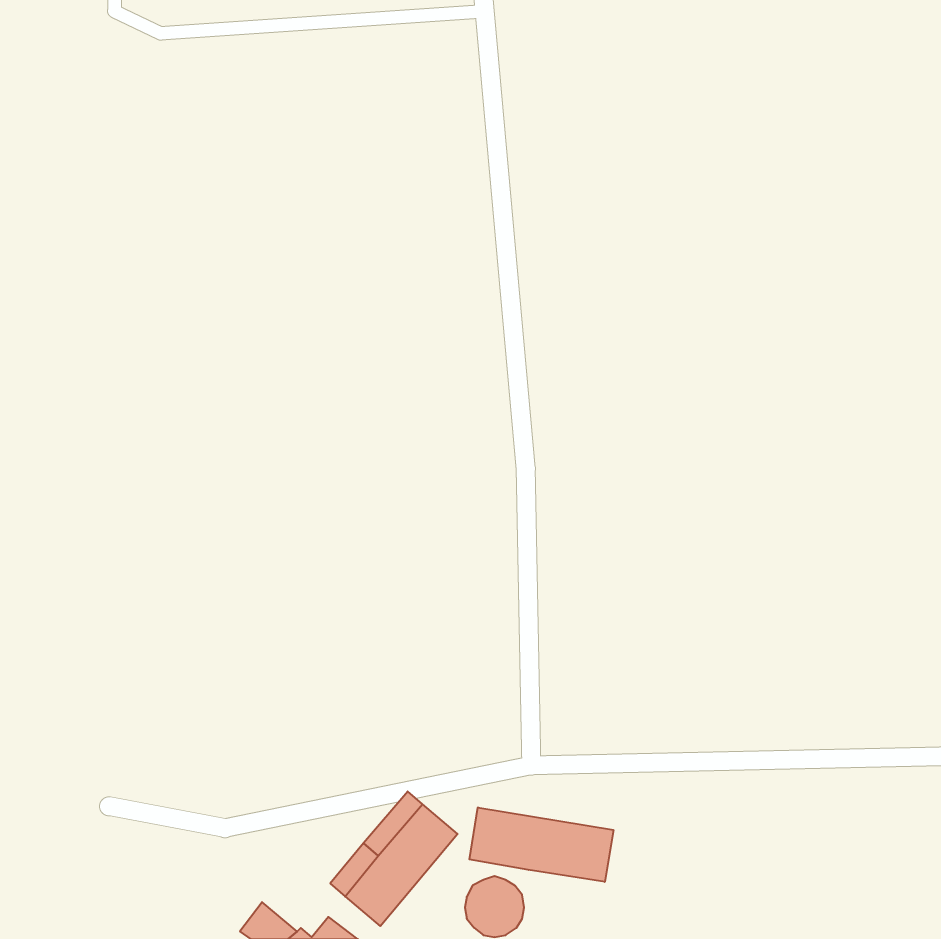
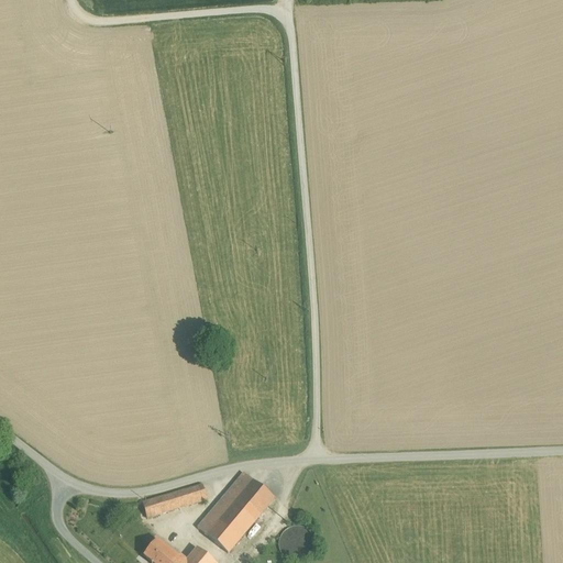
building: [469,807,613,882] -> none
building: none -> [142,484,206,517]

